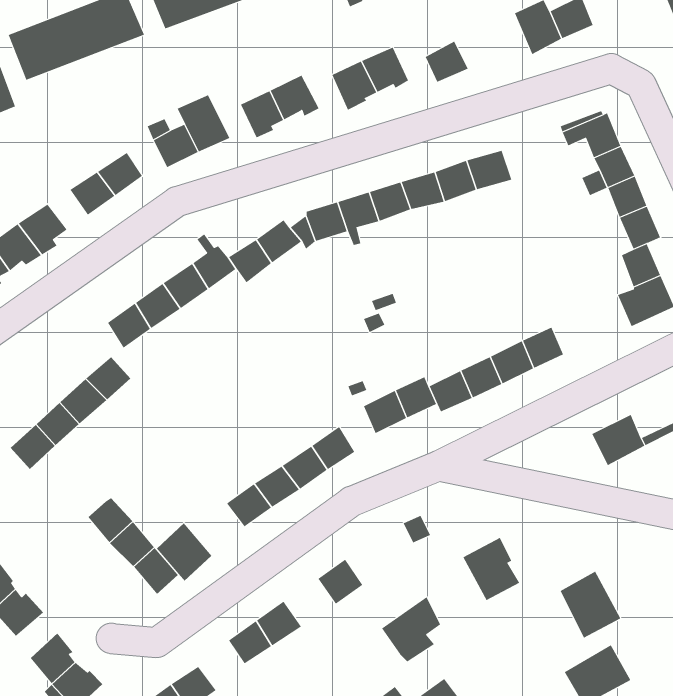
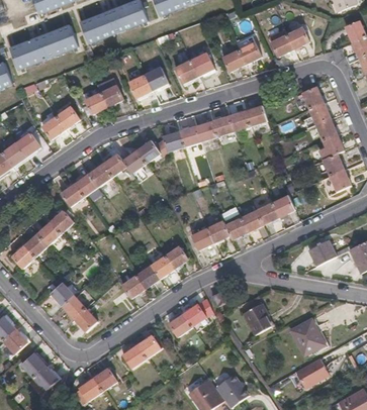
building: none -> [236,34,262,64]
building: [156,523,212,582] -> none
building: [381,597,441,662] -> [183,297,213,330]

